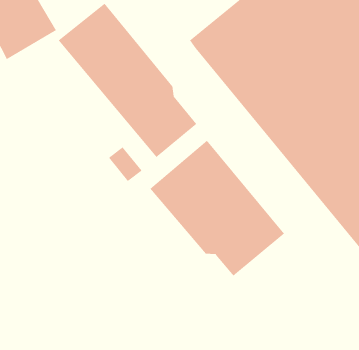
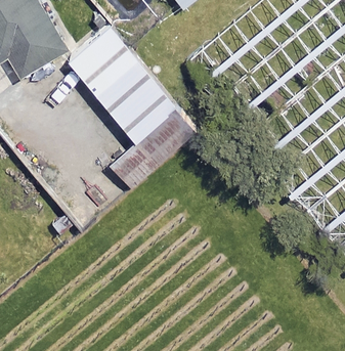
building: [150,140,285,277] -> none

